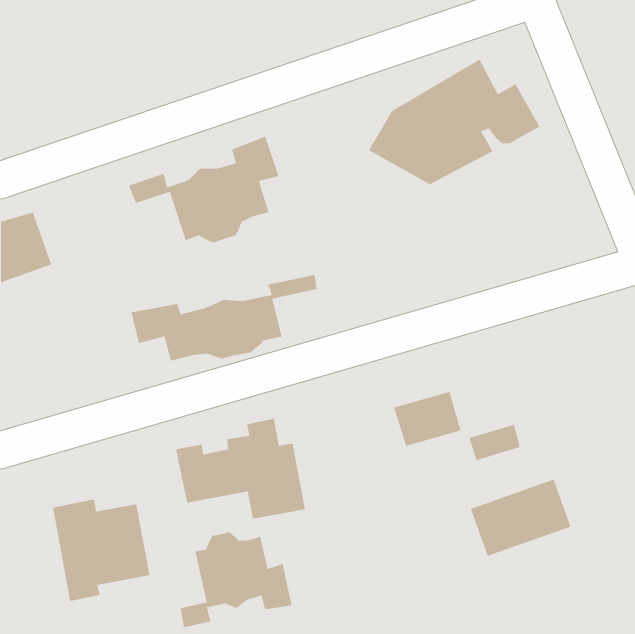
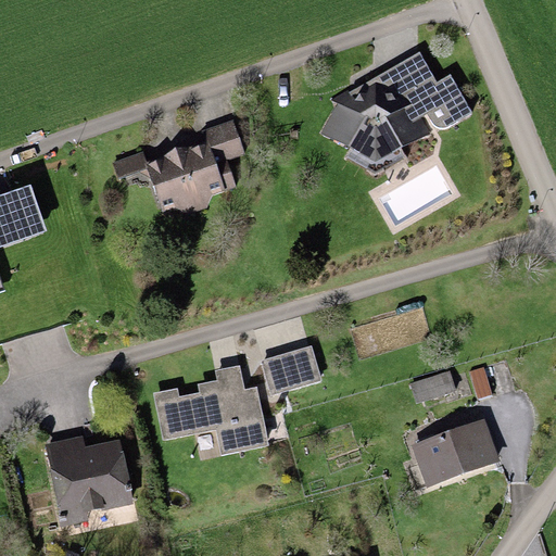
building: [130,274,317,361] -> none
building: [393,391,461,447] -> [261,345,320,394]
building: [180,531,293,628] -> none

